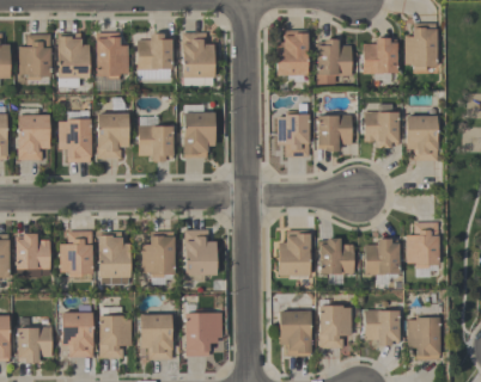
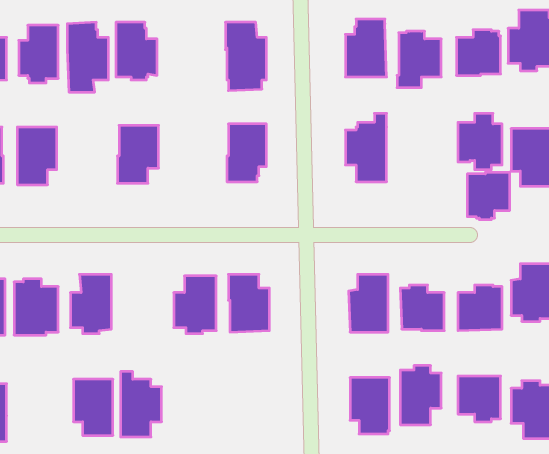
building: [138,33,172,80] -> none
building: [57,111,91,162] -> none
building: [318,115,352,152] -> [467,172,510,220]
building: [138,125,172,161] -> none
building: [98,232,130,285] -> none
building: [140,308,177,359] -> none
building: [185,310,223,356] -> none
building: [18,327,51,363] -> none

